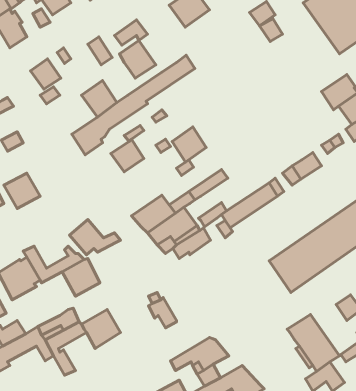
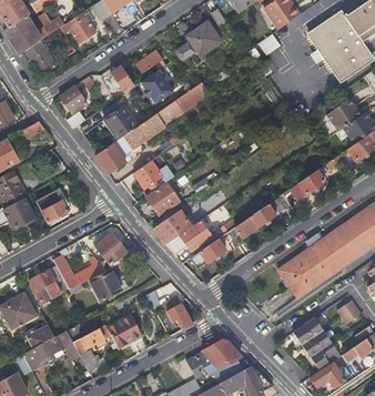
building: [172,127,206,162] -> [146,183,178,215]

